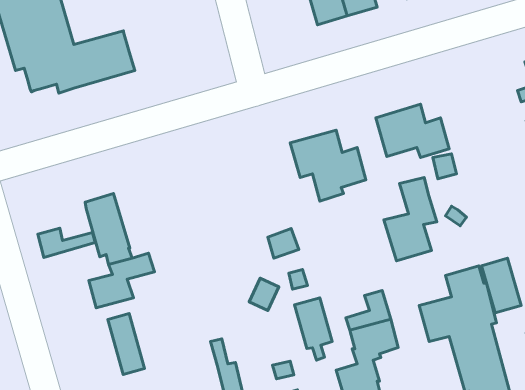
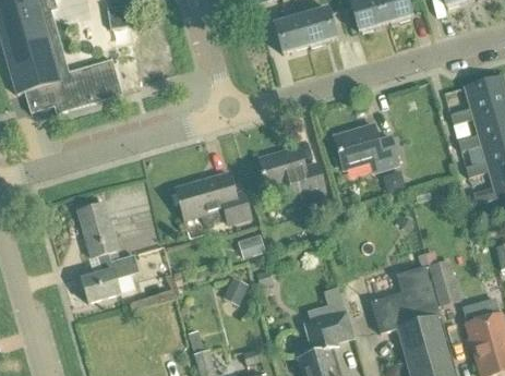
building: none -> [175,172,251,225]
building: [384,178,437,261] -> none
building: [38,228,95,257] -> none
building: [294,298,332,360] -> none
building: [108,313,145,375] -> none

